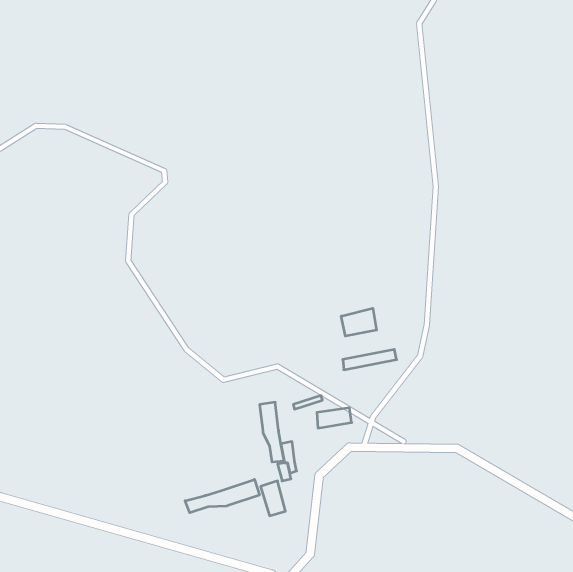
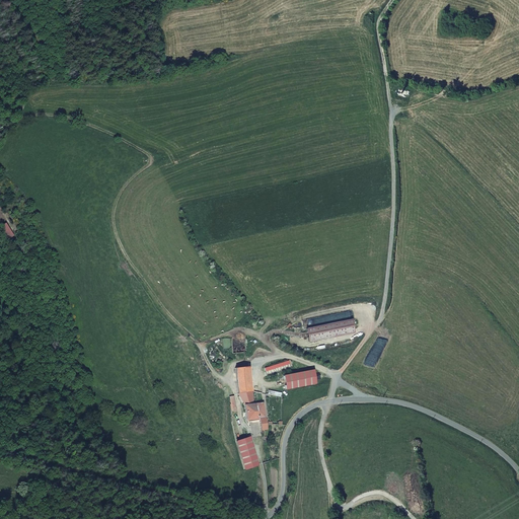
building: [341,308,377,336] -> none
building: [185,479,259,513] -> none

